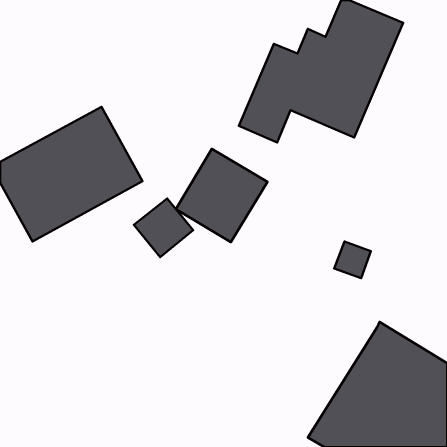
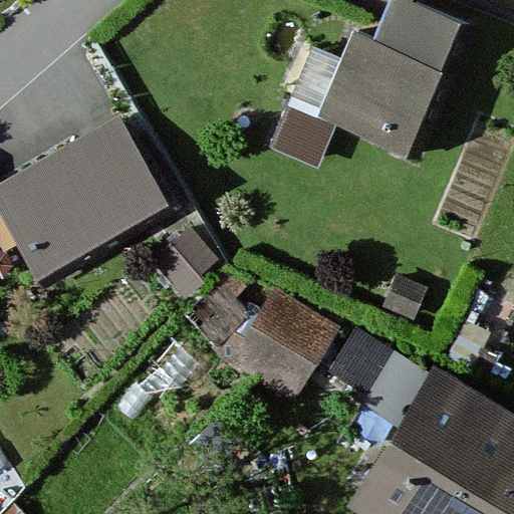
building: [176,149,268,242] -> [232,284,337,392]
building: none -> [330,329,433,419]

